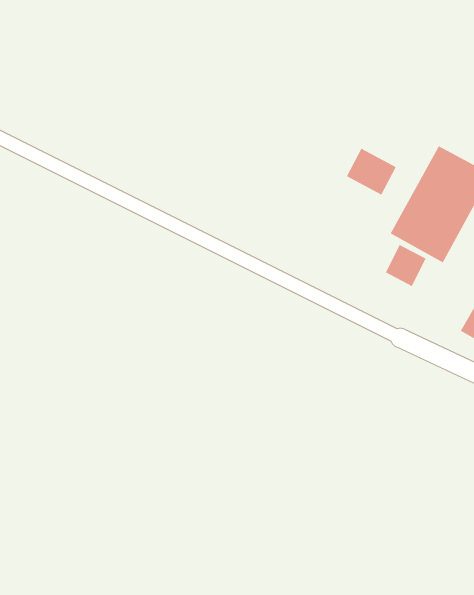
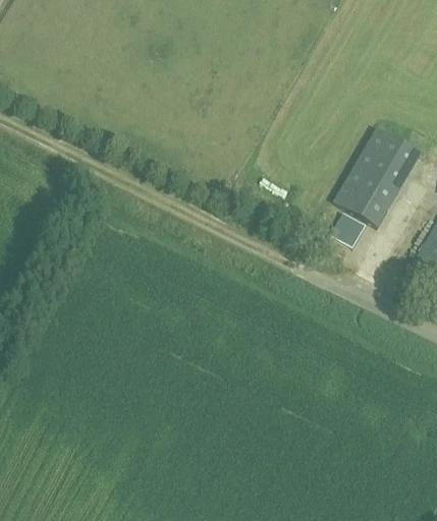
building: [346,148,396,196] -> none

